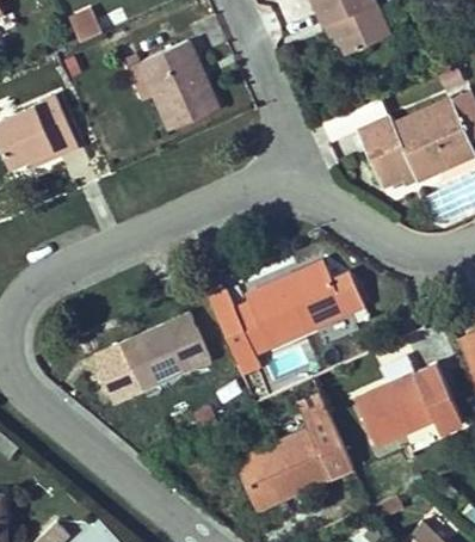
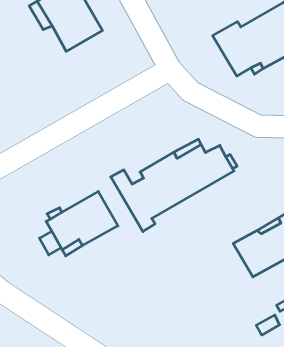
building: [235,394,353,510] -> none

